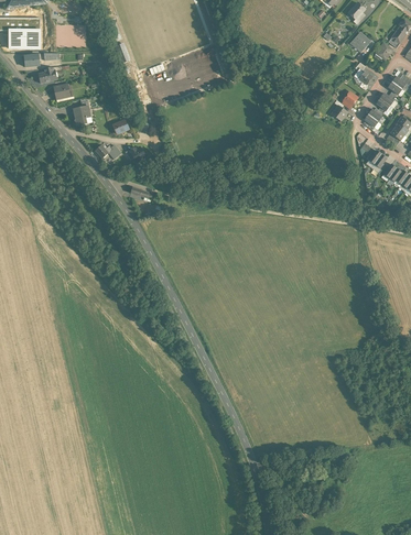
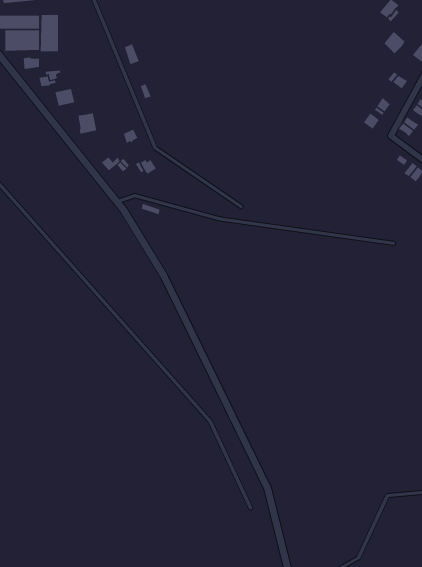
building: none -> [40,14,59,52]

